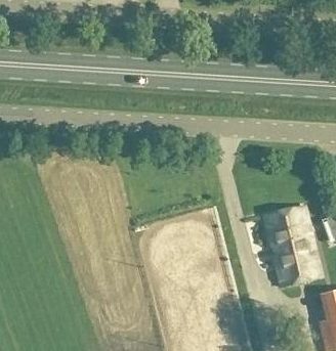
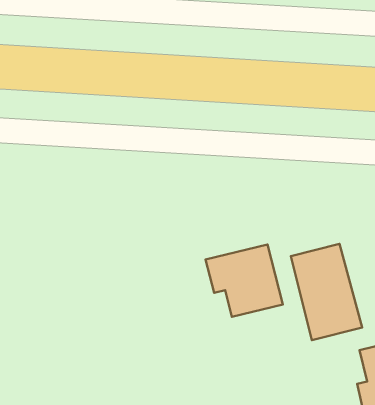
building: none -> [206,244,283,317]

